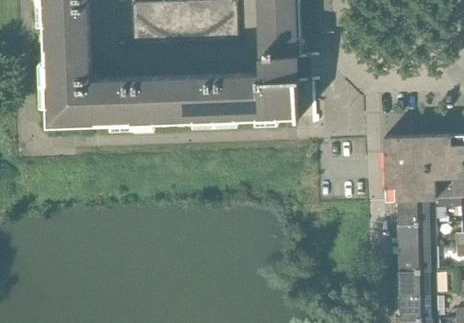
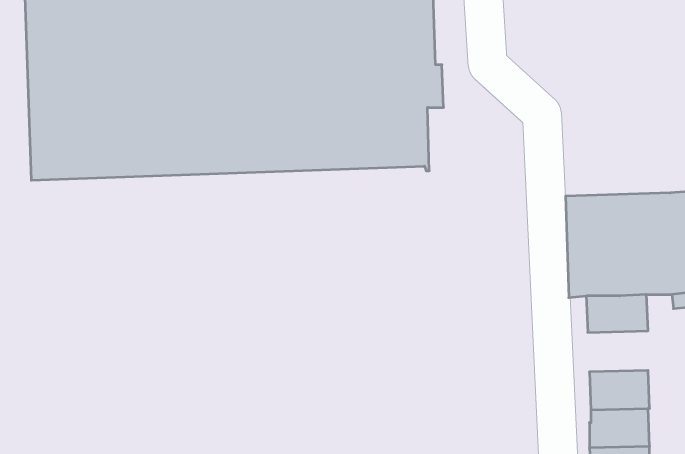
building: [397,222,435,248] -> none

